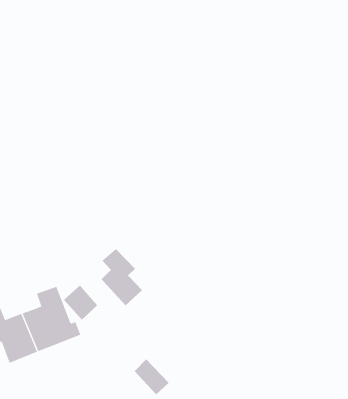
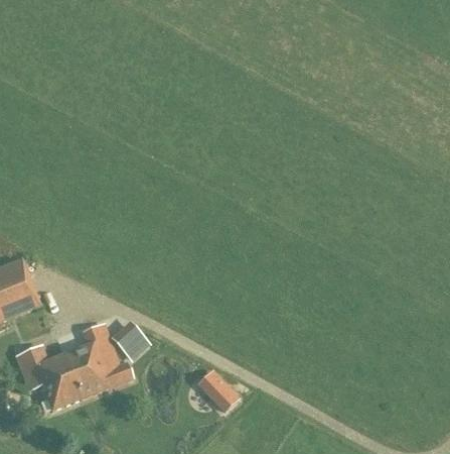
building: [101,248,143,306] -> none
building: [134,358,170,395] -> [198,370,239,412]

